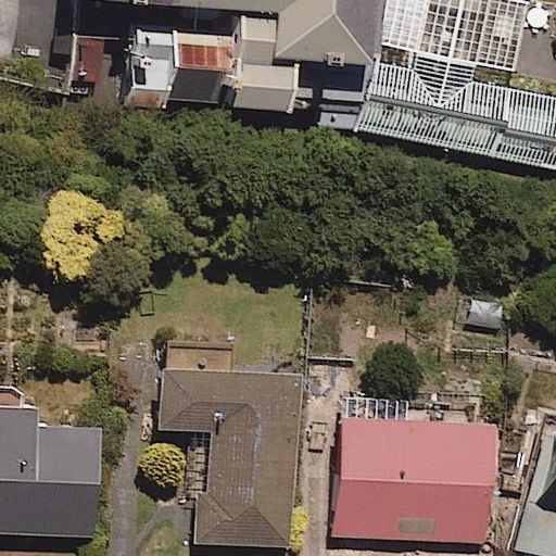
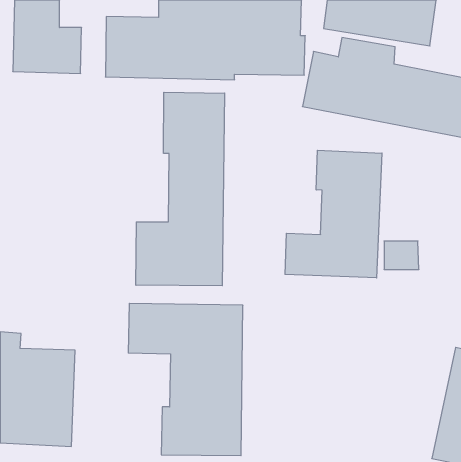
building: none -> [136,92,225,286]
building: none -> [285,150,382,278]
building: [336,392,493,545] -> none

